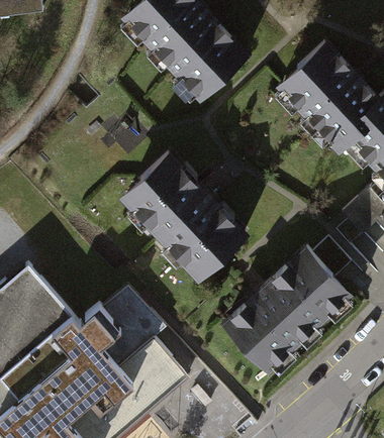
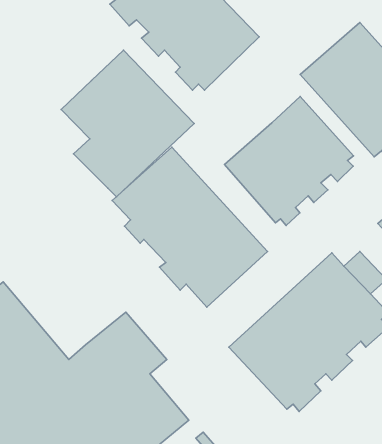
building: none -> [61,50,194,197]
building: none -> [224,97,354,225]

